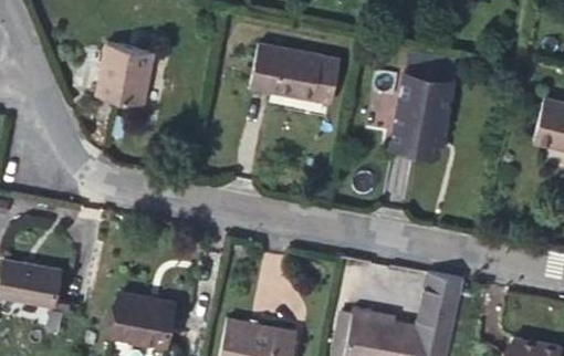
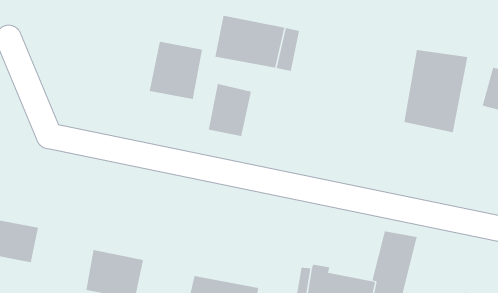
building: [95,42,153,104] -> [149,41,203,99]
building: [387,75,456,164] -> [404,49,468,133]
building: none -> [208,83,251,137]

